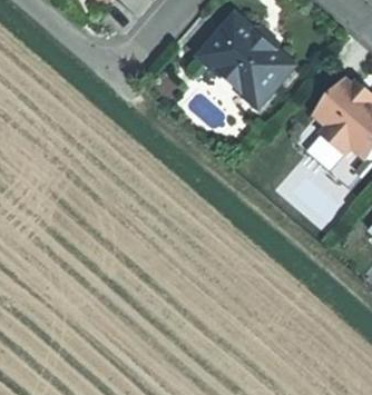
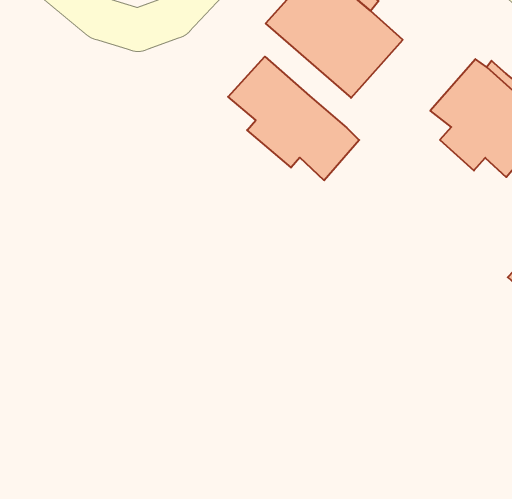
building: none -> [228,57,359,180]

